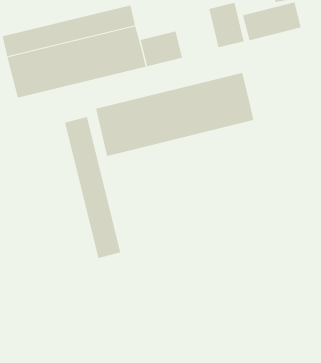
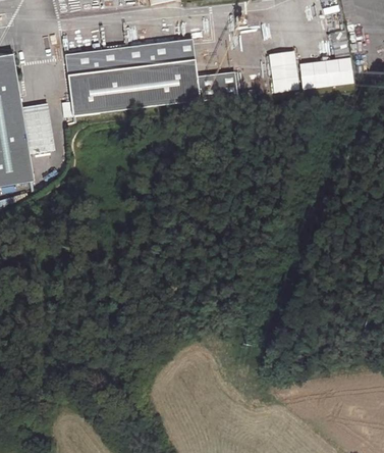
building: [95,72,254,157] -> none
building: [65,116,121,259] -> none

